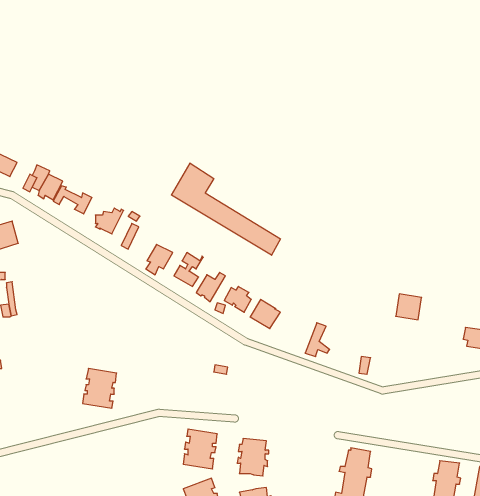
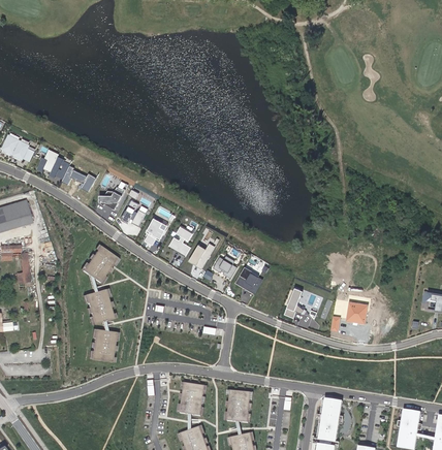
building: [171,163,280,255] -> none
building: none -> [80,245,119,284]
building: [396,294,422,320] -> [346,302,369,325]
building: none -> [83,288,116,325]

